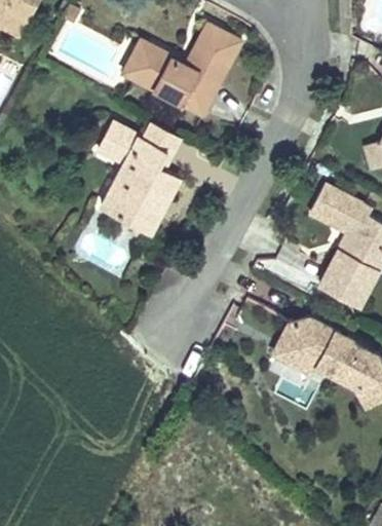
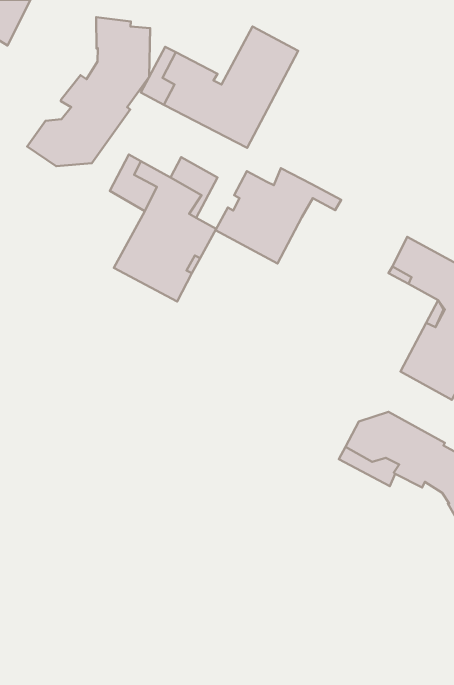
building: none -> [27,17,150,166]
building: none -> [215,168,341,264]

